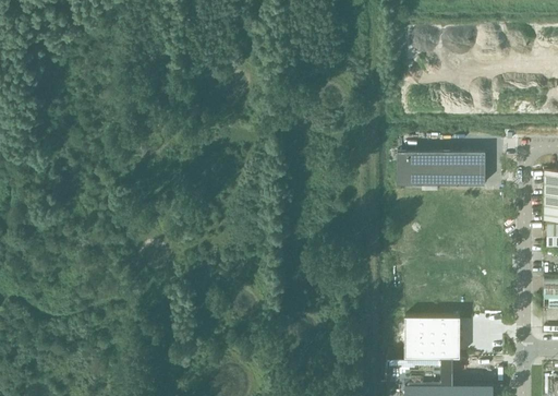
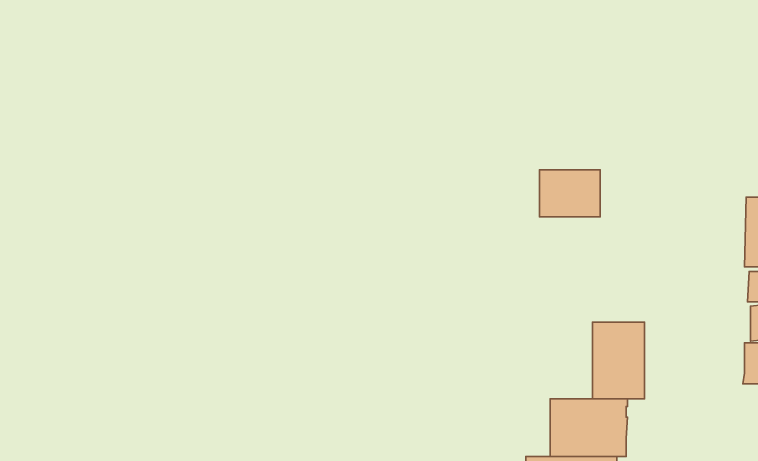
building: [440,153,485,187] -> none
building: none -> [593,322,644,399]

